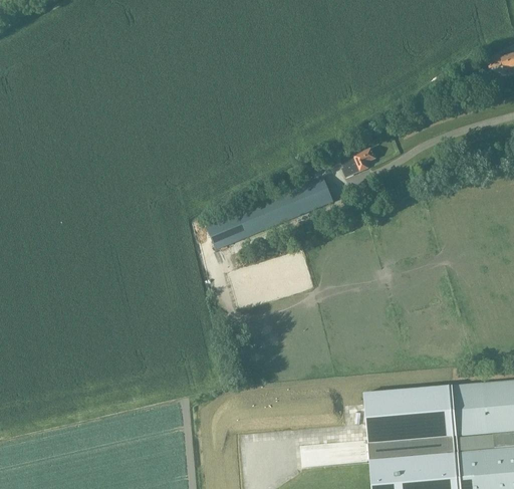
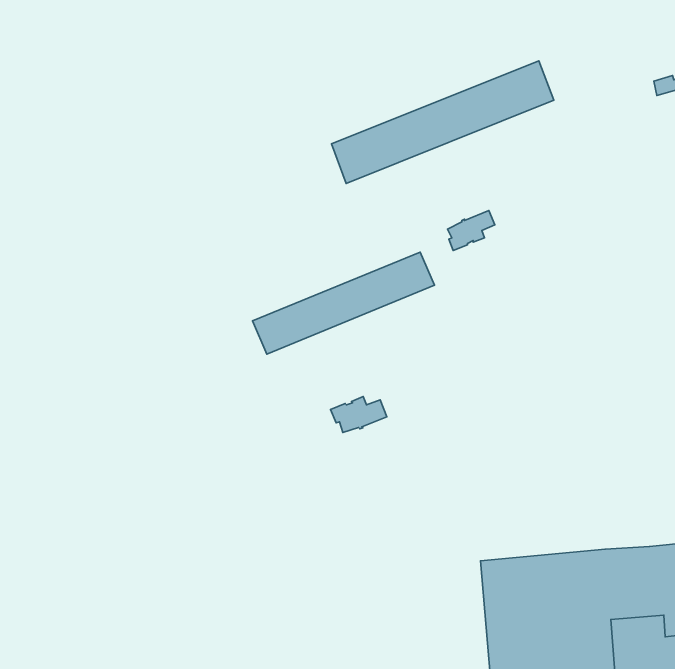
building: none -> [331,61,554,183]
building: none -> [331,397,387,432]

